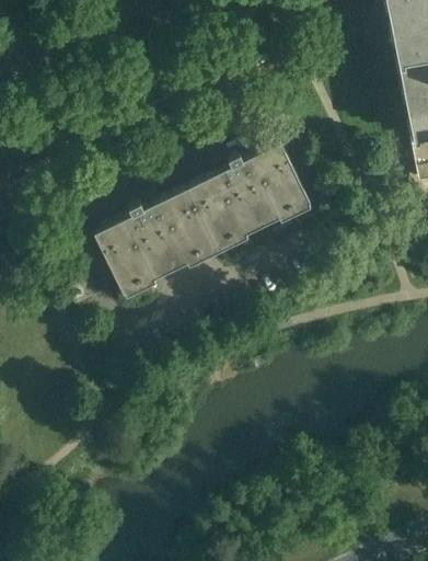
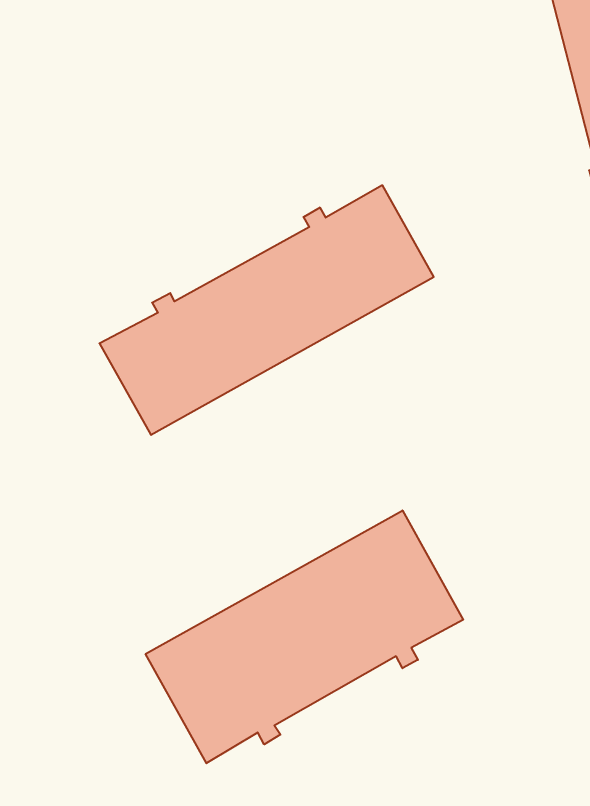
building: none -> [146,510,463,763]

